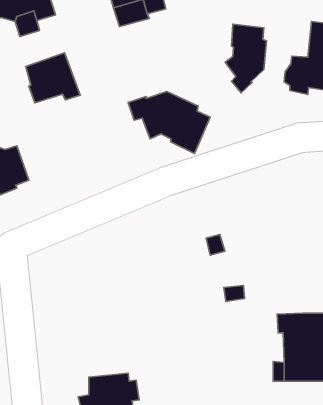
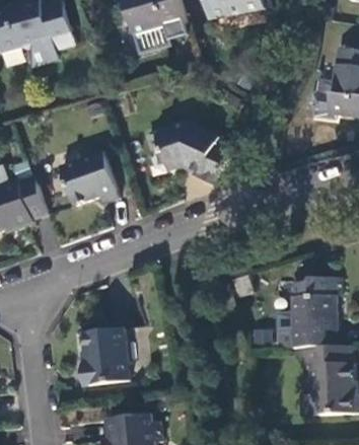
building: [225,24,266,93] -> none
building: [26,53,80,103] -> [64,151,120,203]
building: none -> [276,283,336,351]
building: none -> [79,326,129,383]

